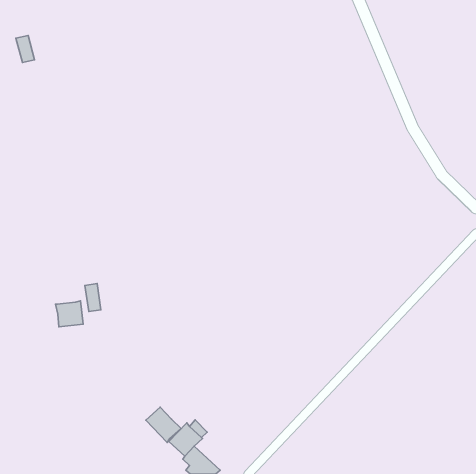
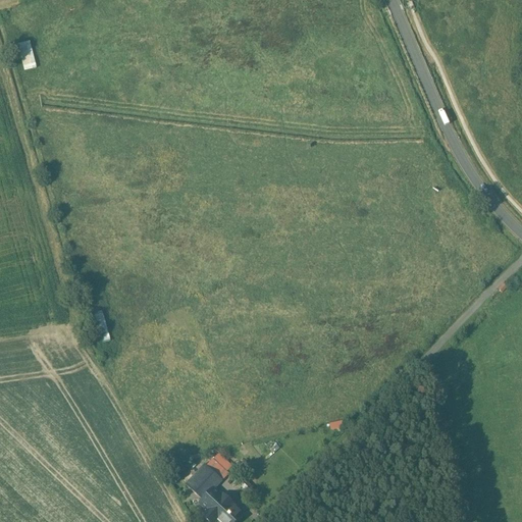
building: [56,301,83,327] -> none
building: [146,407,181,442] -> none

